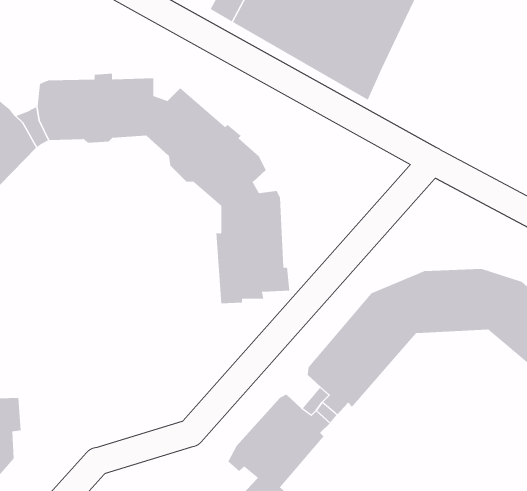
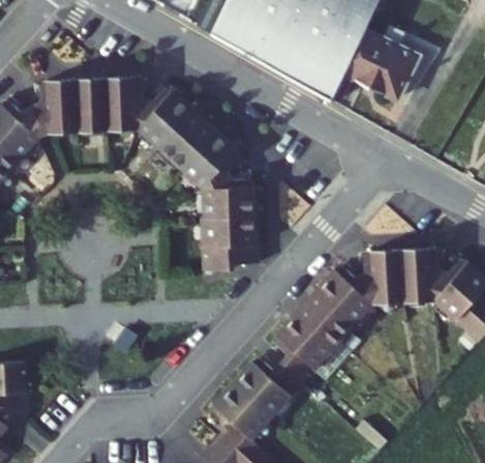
building: none -> [343,27,421,100]

